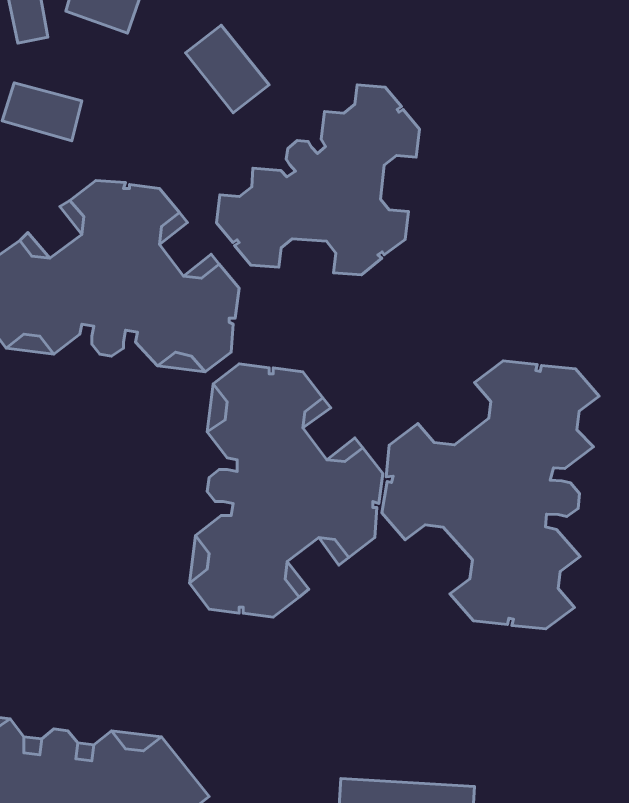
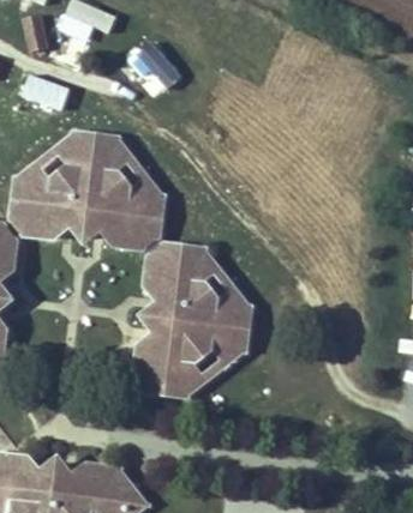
building: [217,85,419,275] -> none
building: [382,361,599,629] -> none

